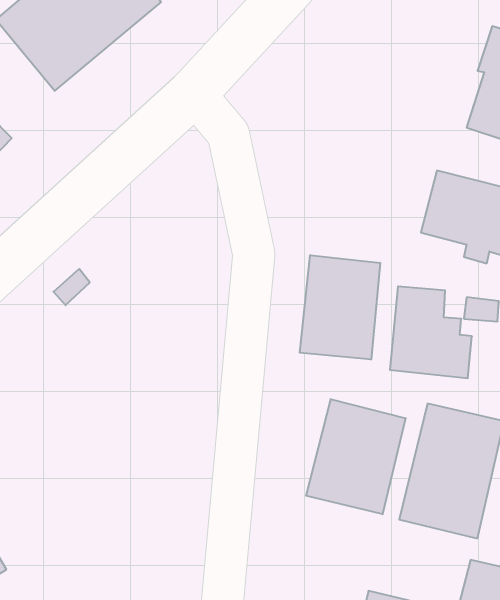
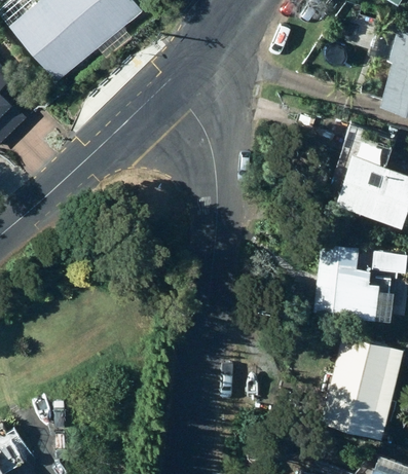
building: [300,255,380,360] -> none
building: [306,399,406,514] -> none

